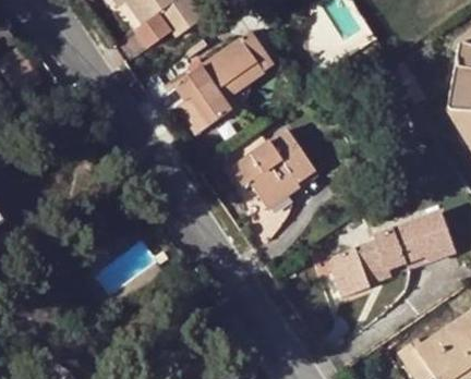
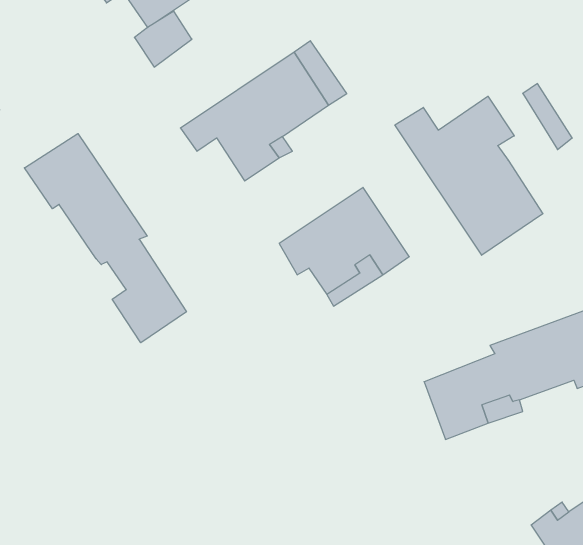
building: none -> [395,96,543,255]
building: none -> [24,134,186,343]

